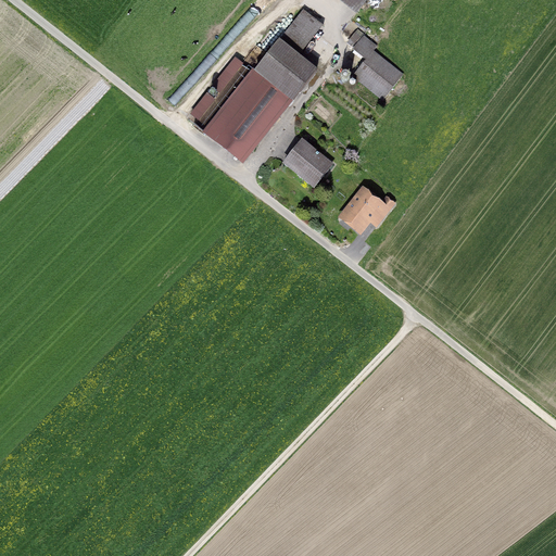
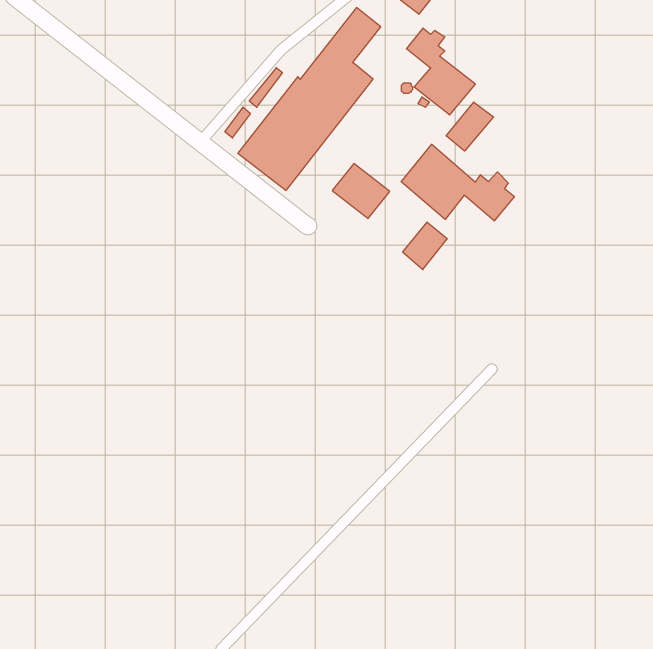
building: none -> [446,102,494,151]
building: none -> [401,144,514,221]

